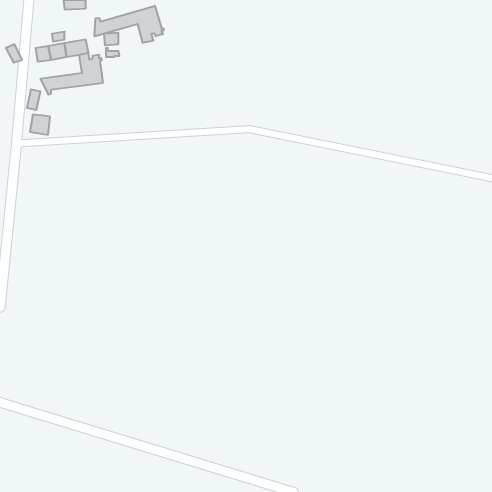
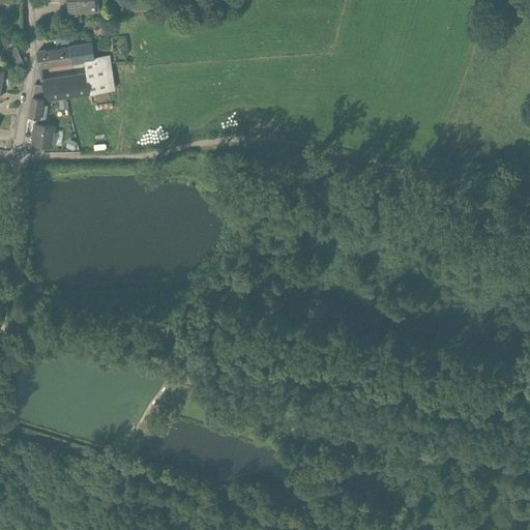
building: [95,6,164,43] -> none

